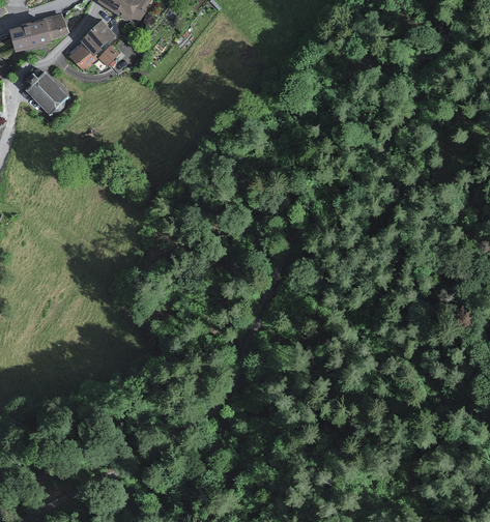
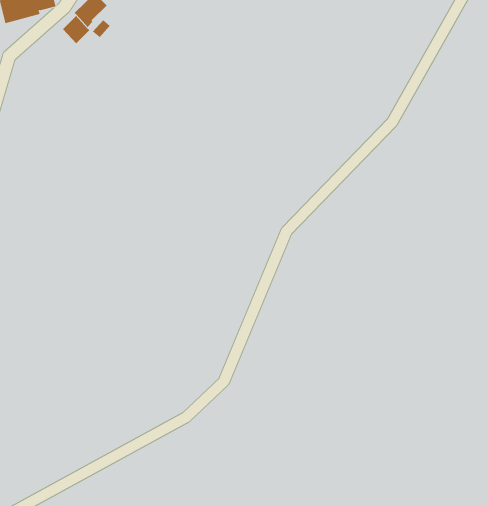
building: [27,72,68,115] -> none

